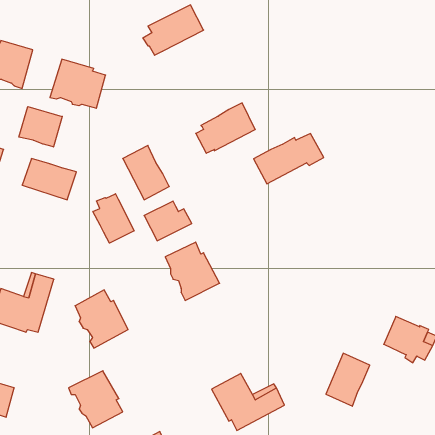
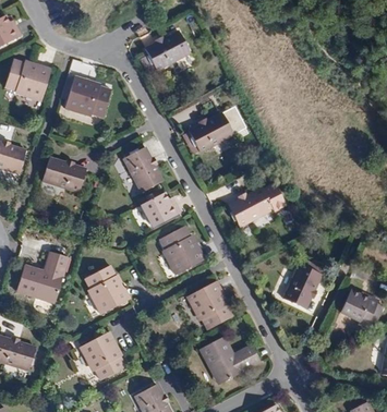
building: [19,107,62,147] -> none
building: [254,134,324,184] -> [229,185,287,227]
building: [93,194,134,243] -> none
building: none -> [186,281,231,329]
building: [326,353,370,406] -> [282,264,318,307]

